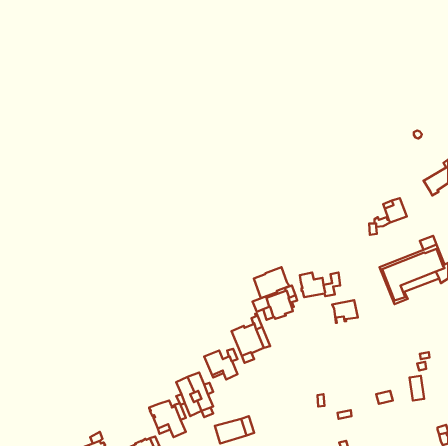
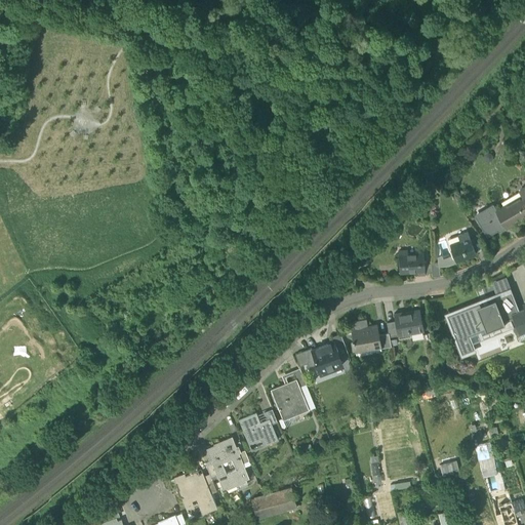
building: none -> [478,207,503,237]
building: none -> [399,254,425,274]
building: [254,267,290,298] -> none
building: [332,300,358,323] -> [394,311,423,337]

